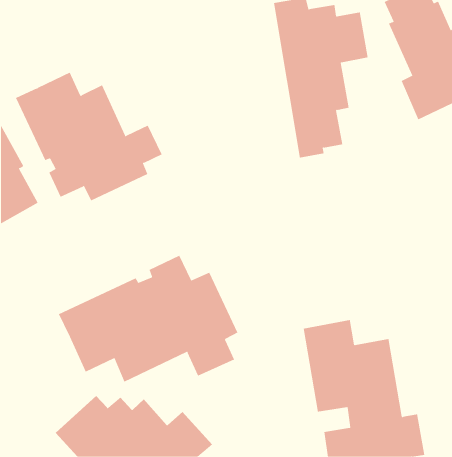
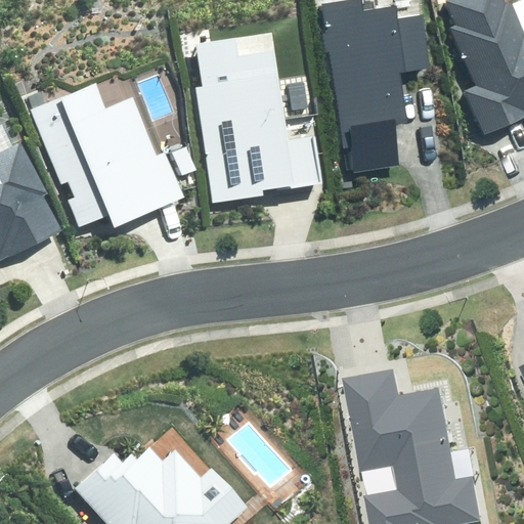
building: none -> [192,33,319,203]
building: [58,255,238,382] -> none

